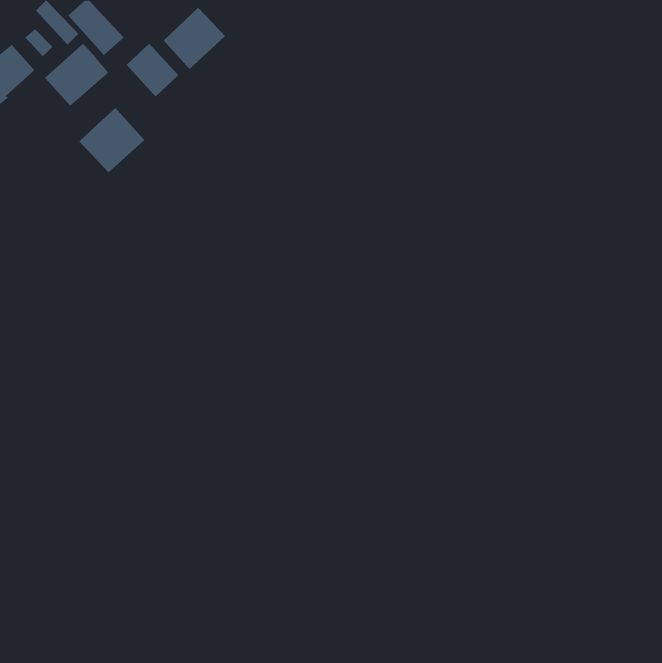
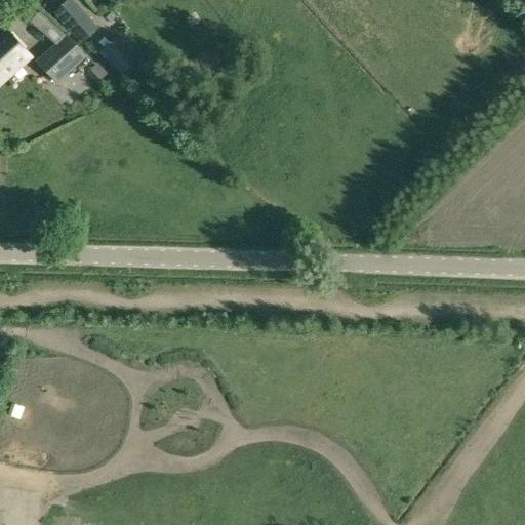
building: [163,7,226,70] -> none
building: [78,107,145,173] -> none

